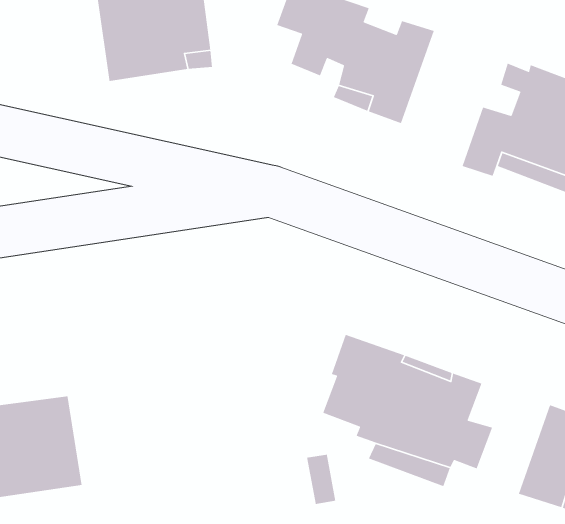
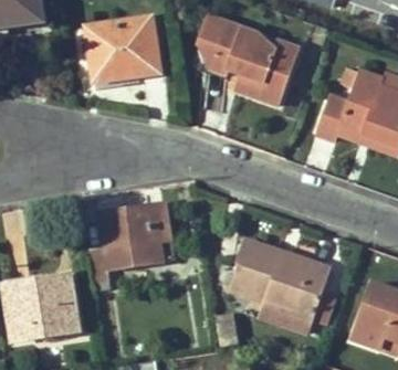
building: none -> [88,203,172,289]

